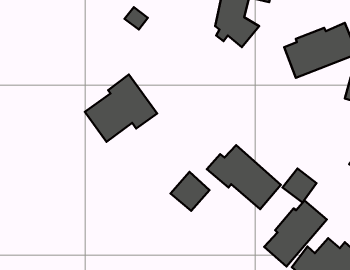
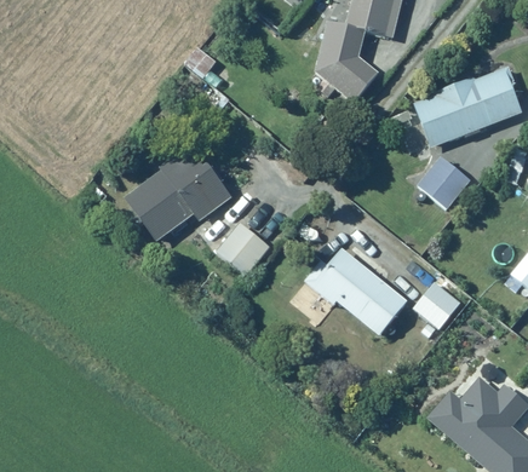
building: none -> [417,156,469,207]
building: [170,172,209,211] -> [214,219,271,276]
building: [264,201,327,266] -> none

